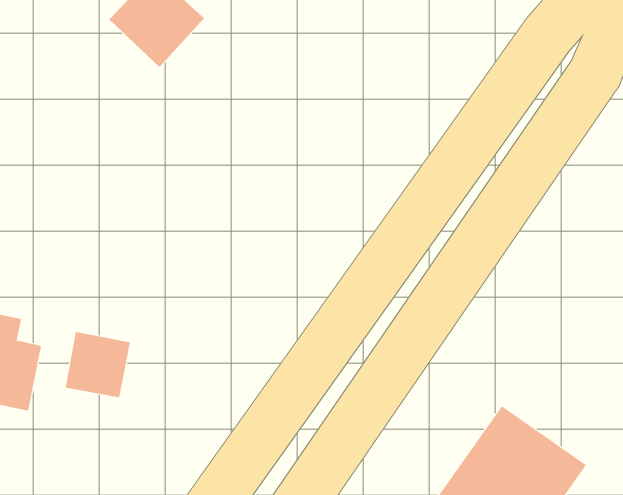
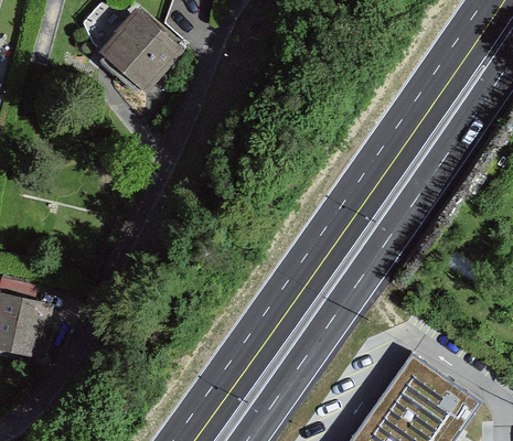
building: [65,331,130,398] -> none

